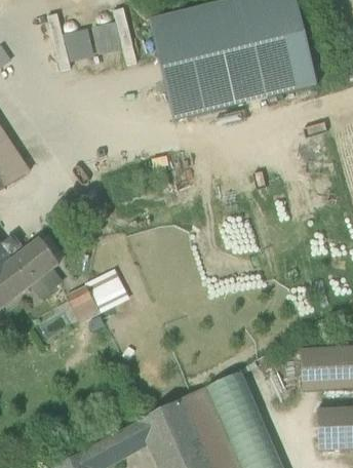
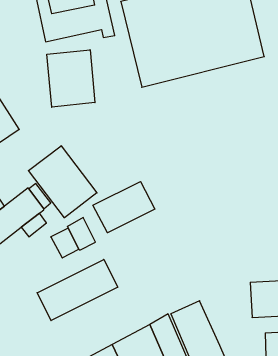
building: none -> [47,50,95,107]
building: none -> [28,146,97,218]
building: none -> [93,182,155,233]
building: none -> [37,259,118,321]

